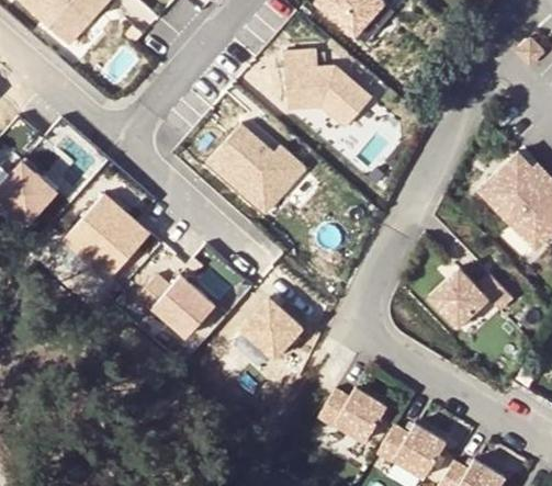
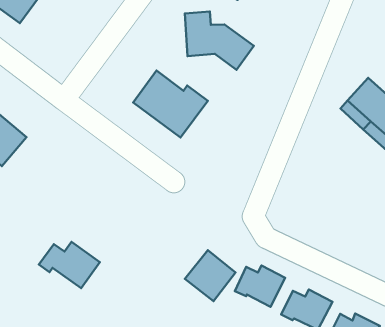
building: [63,192,149,278] -> none
building: [431,268,515,327] -> none
building: [135,273,215,335] -> [39,242,100,288]
building: [244,297,311,364] -> [185,250,236,301]

